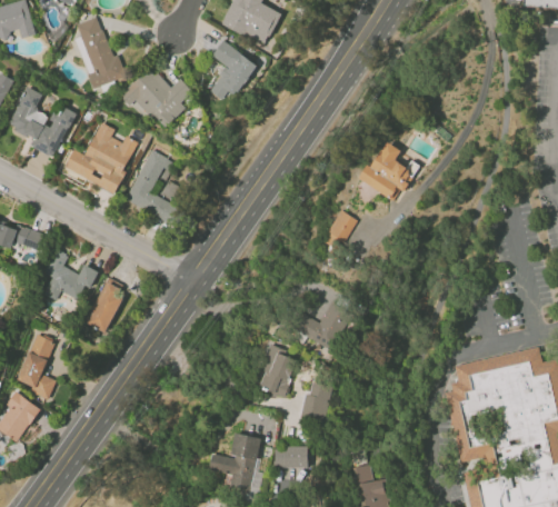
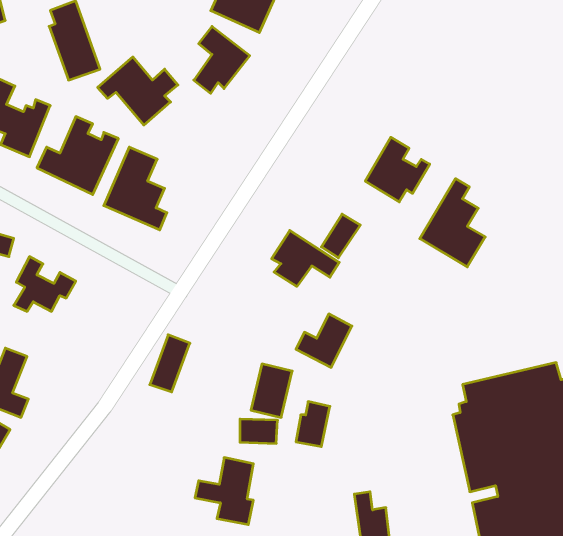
building: none -> [420,179,485,267]
building: none -> [272,230,339,286]
building: [89,279,126,331] -> [150,335,190,392]
building: [273,446,308,468] -> [240,419,278,443]

